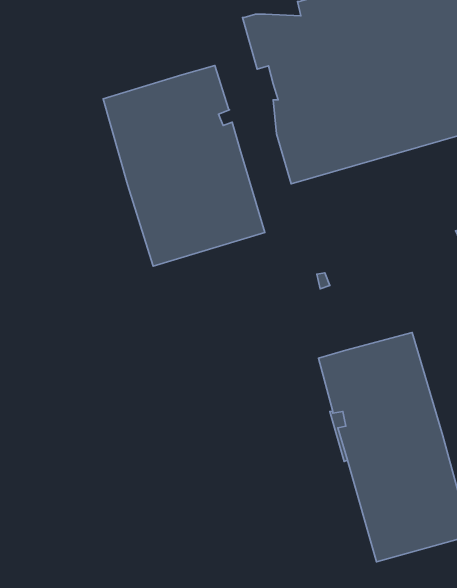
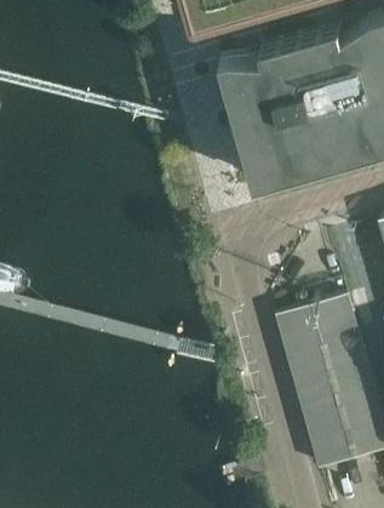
building: [103,65,265,266] -> none

